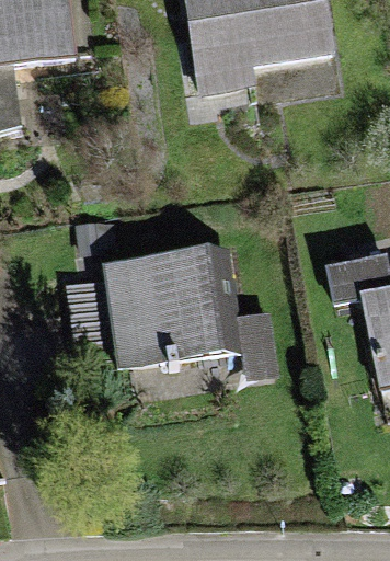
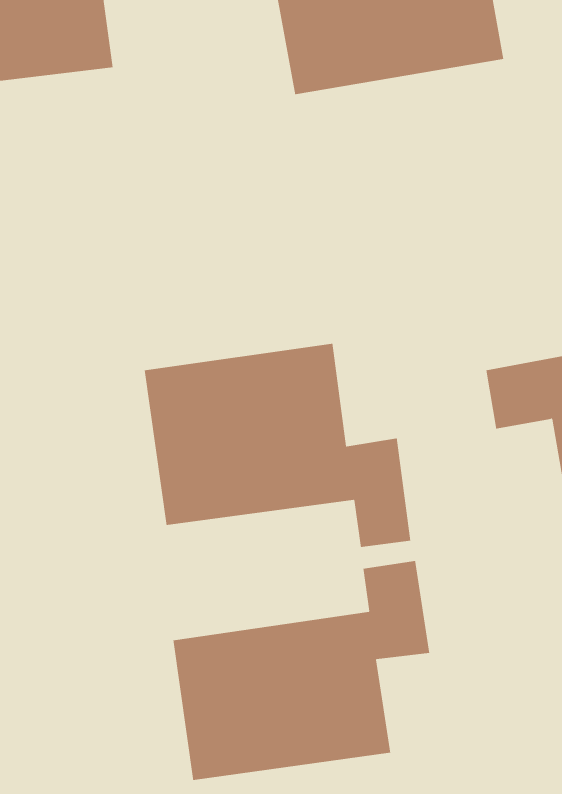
building: none -> [173,560,430,781]

